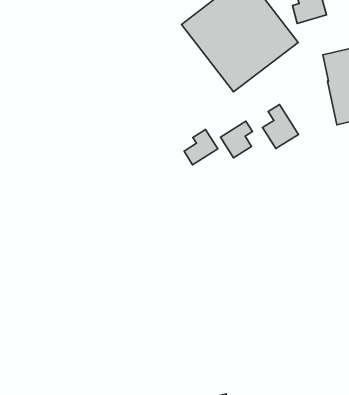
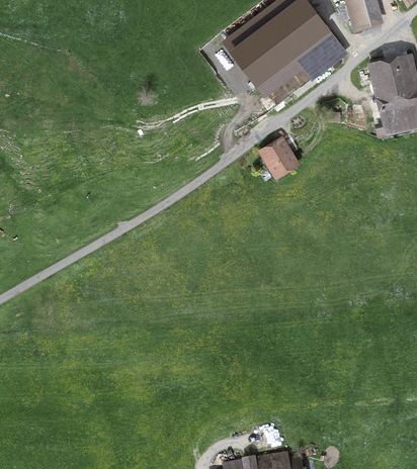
building: [263,105,298,149] -> none
building: [184,130,218,165] -> none

